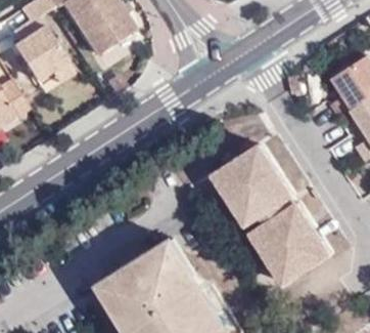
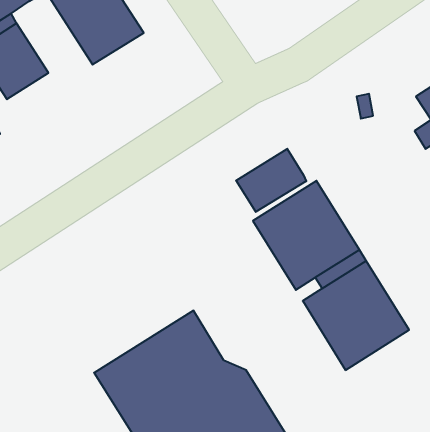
building: none -> [236,149,306,212]

